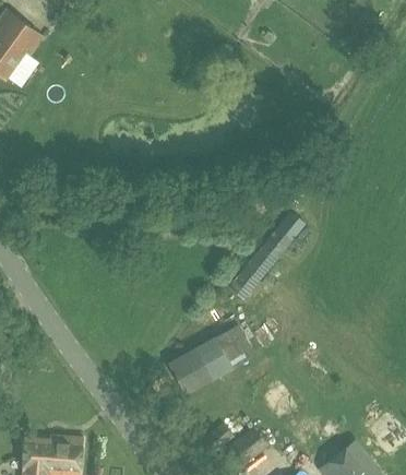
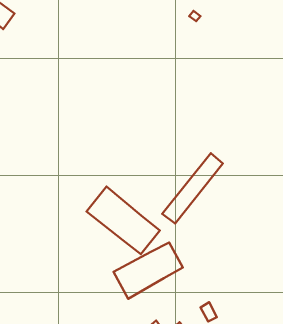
building: none -> [86,186,160,254]

